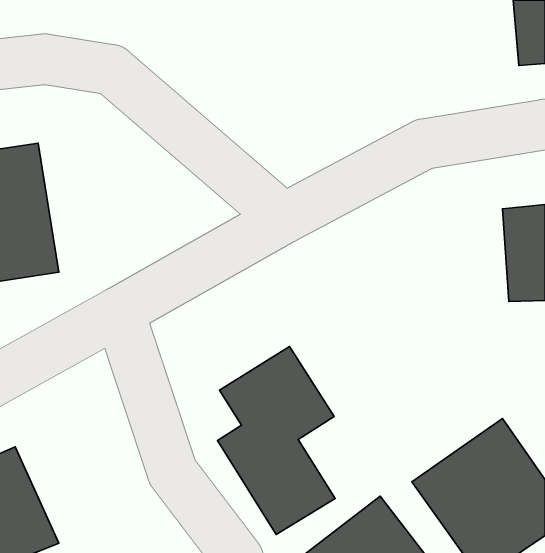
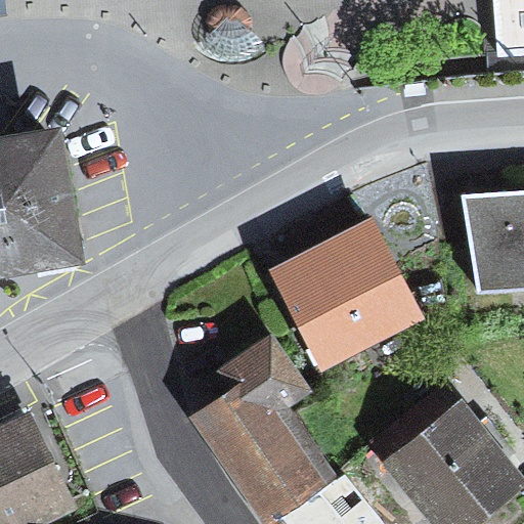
building: none -> [273,222,427,376]

